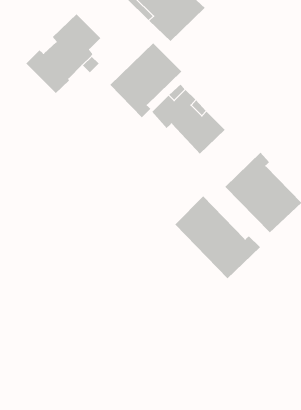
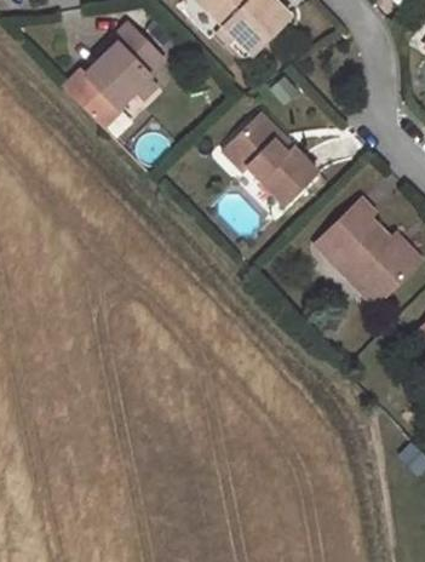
building: [109,43,182,118] -> none
building: [174,195,261,279] -> none

